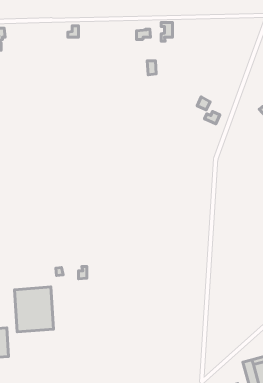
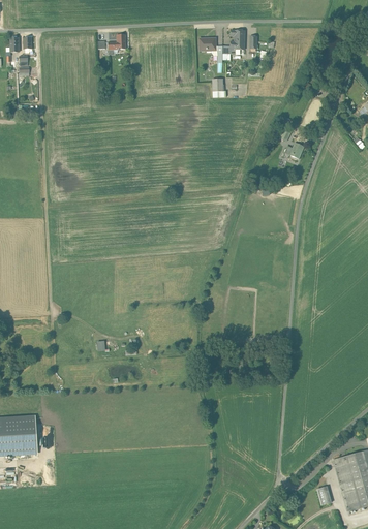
building: [14,287,54,332] -> none

